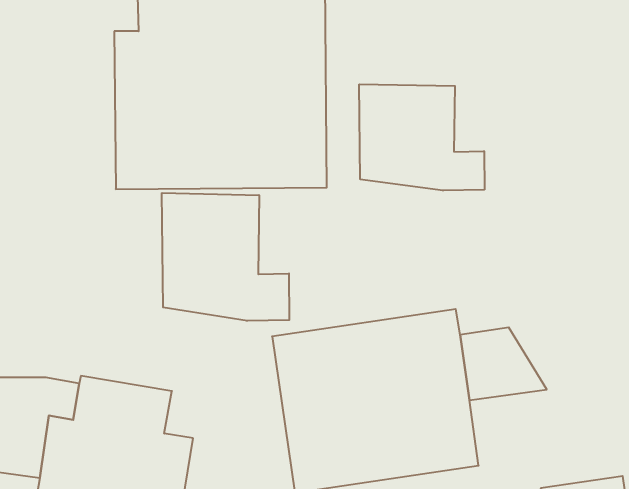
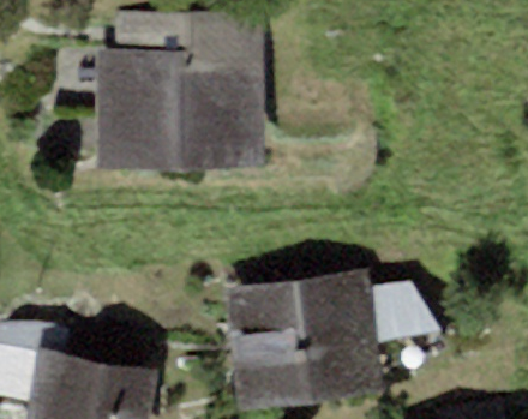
building: [359,84,484,191] -> none
building: [162,193,289,321] -> none

